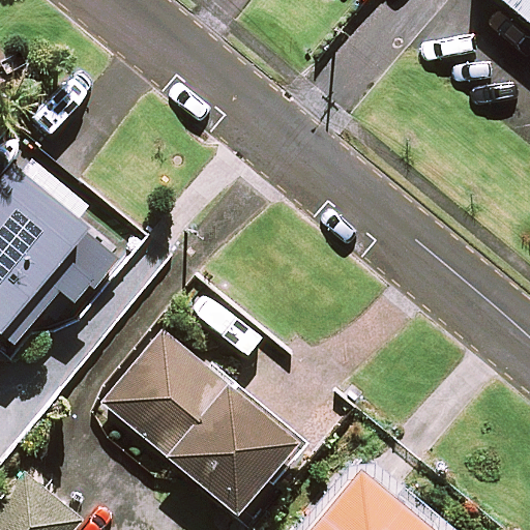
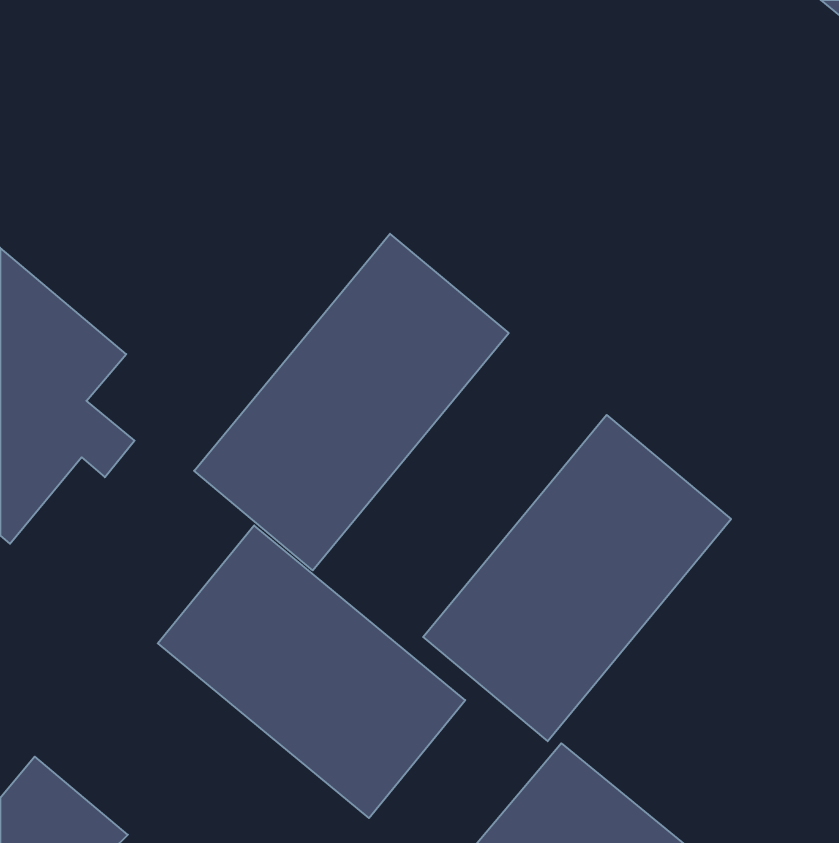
building: none -> [194,234,509,570]
building: none -> [423,415,731,741]

